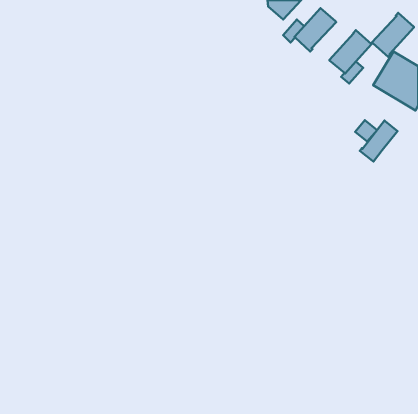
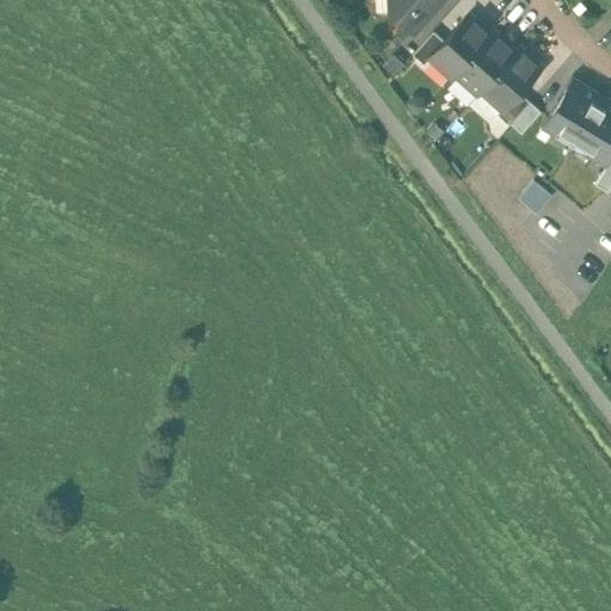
building: [372,13,414,57] -> [455,33,516,98]
building: [360,121,397,161] -> none

